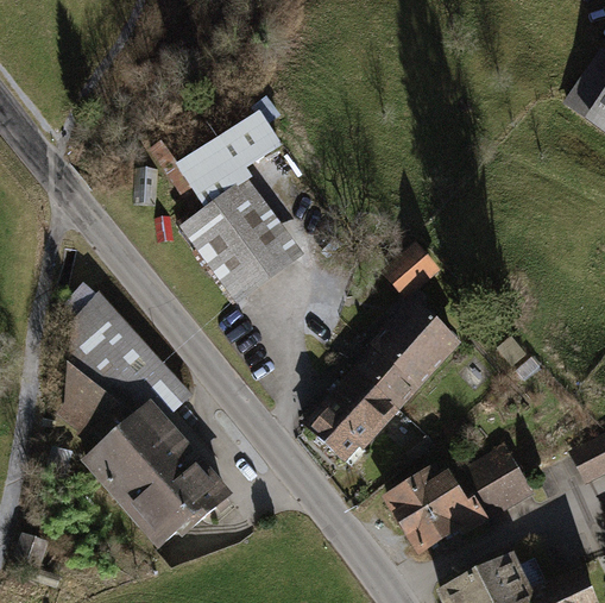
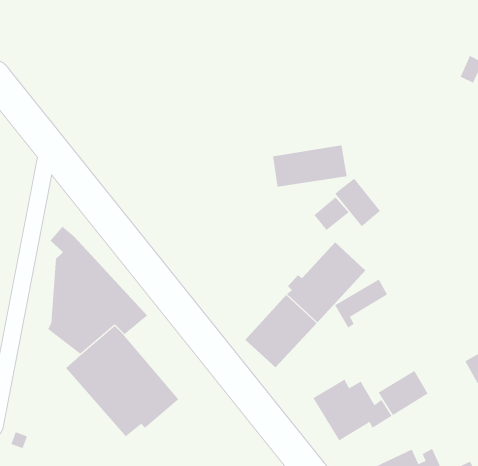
building: [179,115,291,293] -> none
building: none -> [273,145,347,187]
building: none -> [334,178,381,227]
building: [449,442,515,503] -> [334,279,388,329]

